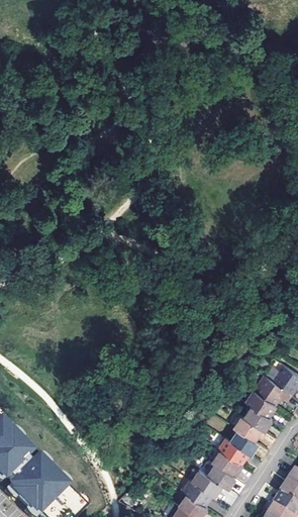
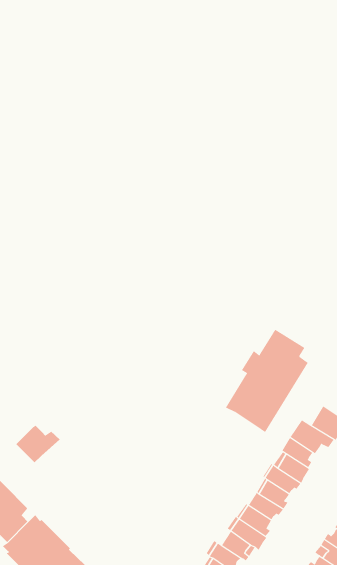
building: none -> [225,329,309,433]
building: none -> [15,425,60,463]

